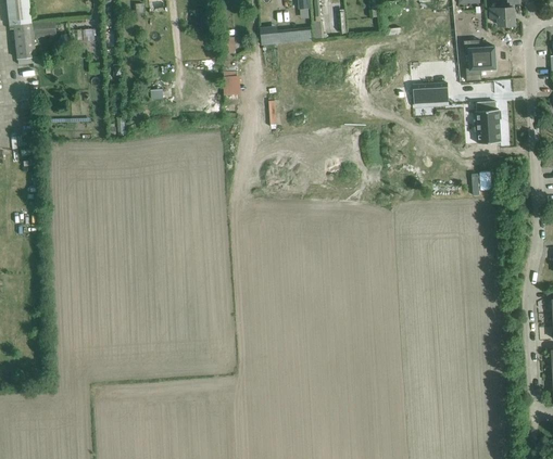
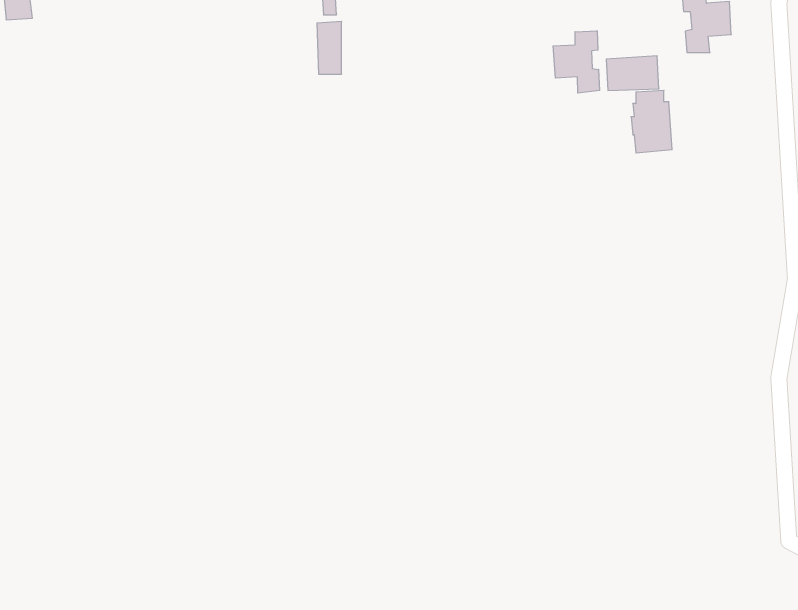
building: none -> [553,31,600,93]
building: [474,102,501,143] -> [631,90,672,153]

